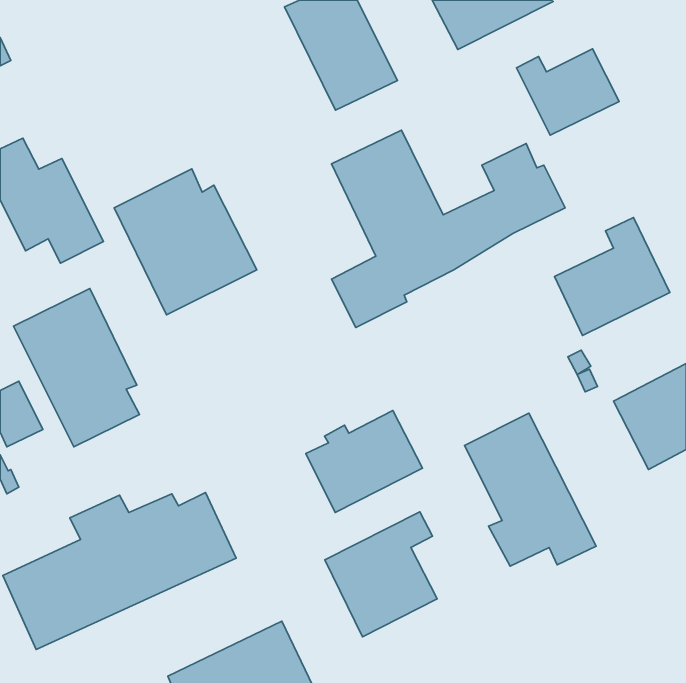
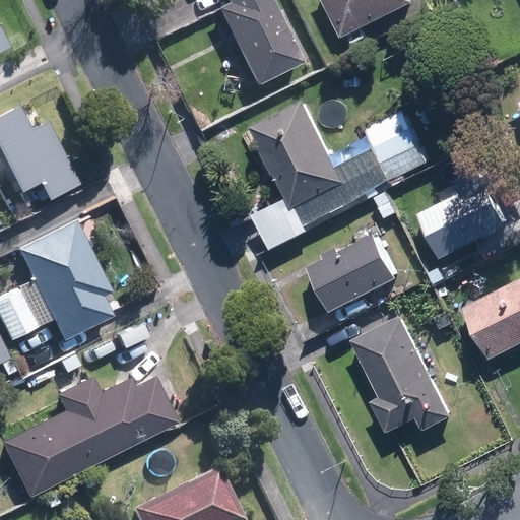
building: [517,49,619,135] -> none
building: [114,169,257,315] -> none
building: [306,411,423,512] -> [310,235,398,312]
building: [325,512,437,637] -> none

